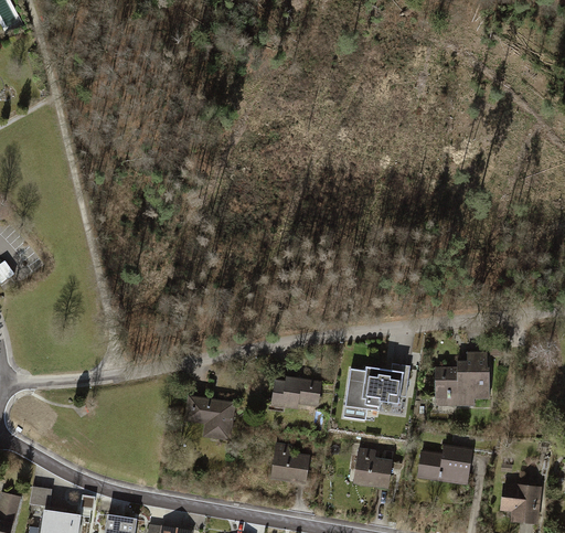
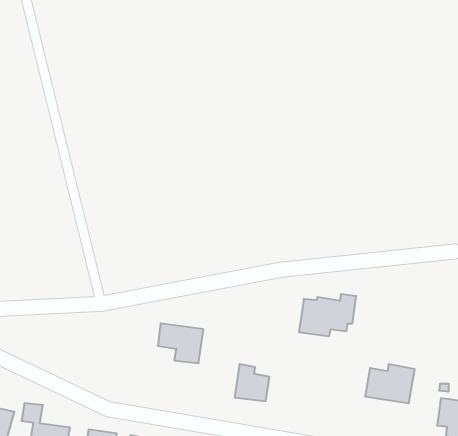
building: [434,352,489,407] -> none
building: [268,377,320,413] -> none
building: [351,447,392,492] -> none

